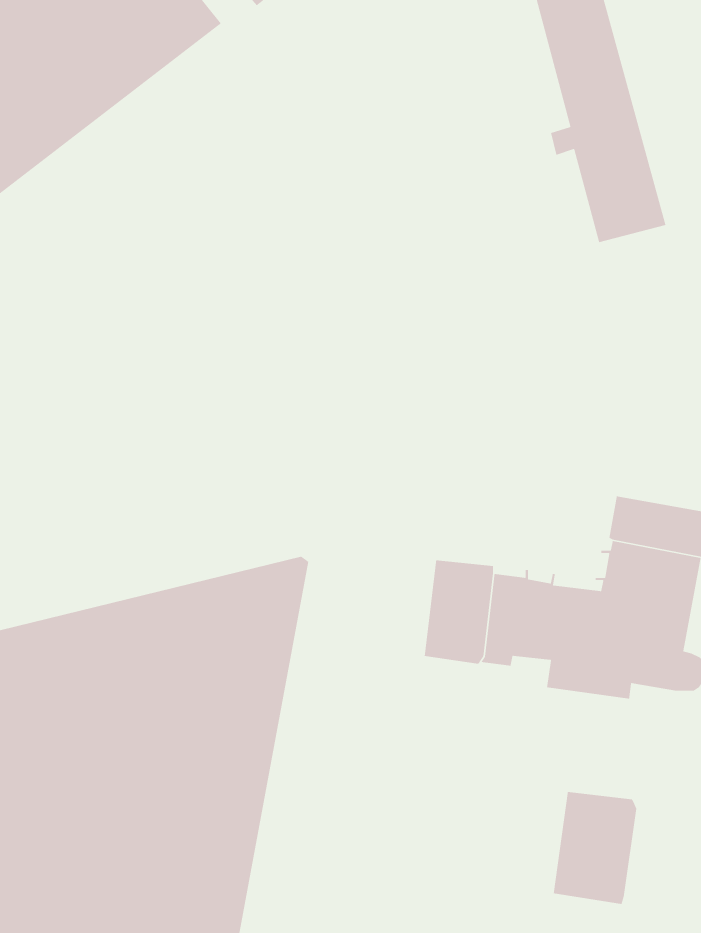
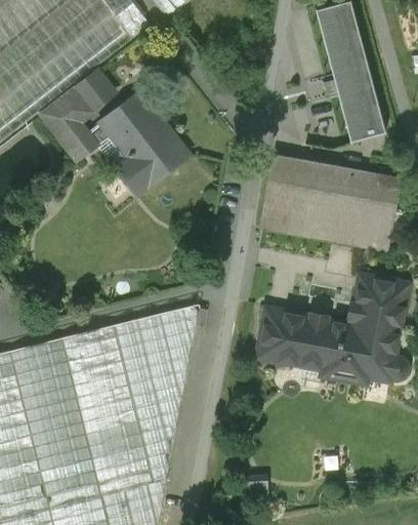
building: none -> [41,71,187,194]
building: none -> [262,156,396,250]
building: [553,791,637,905] -> none

